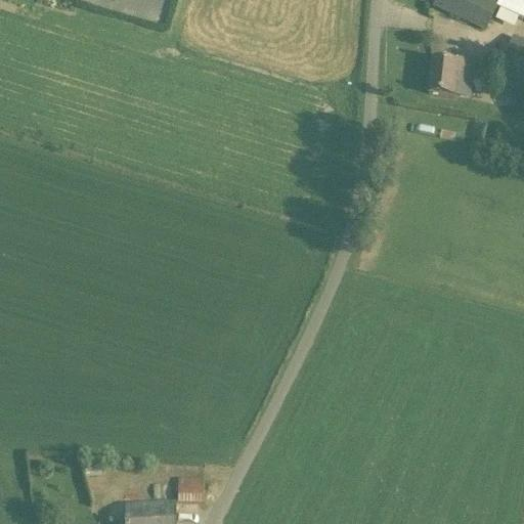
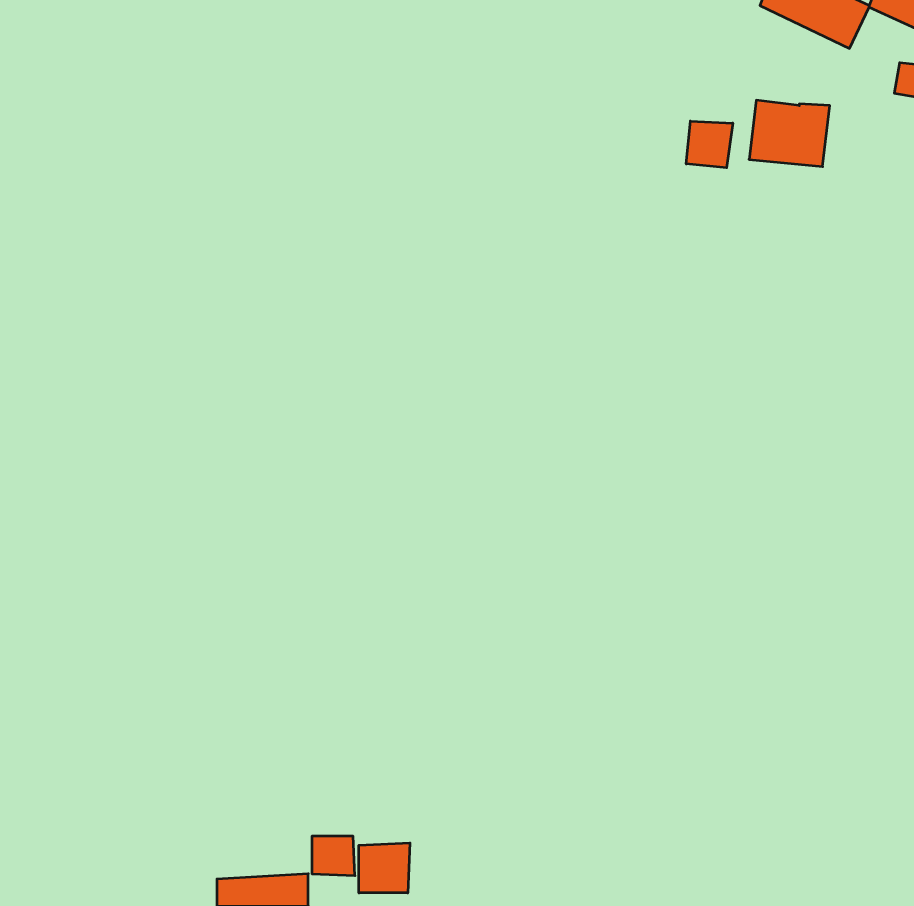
building: none -> [686,121,733,168]
building: none -> [359,843,410,893]

